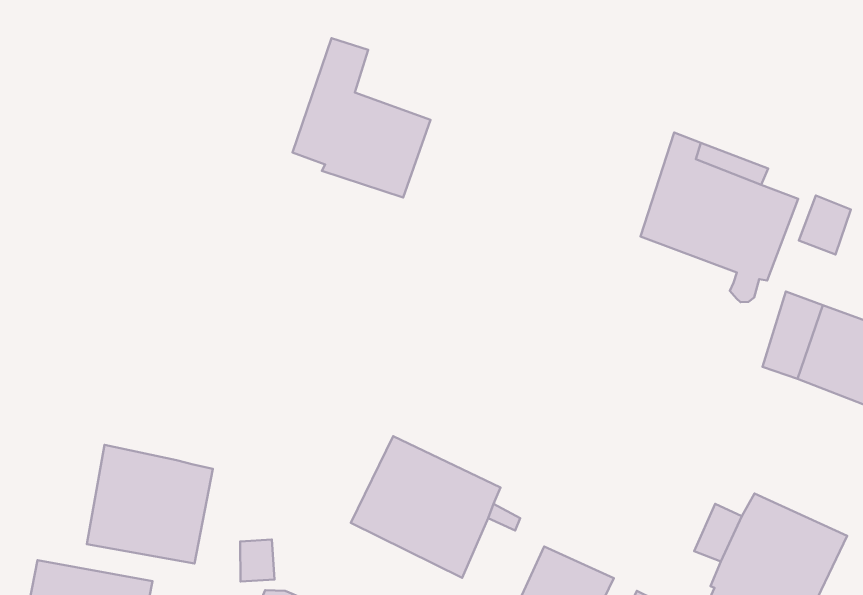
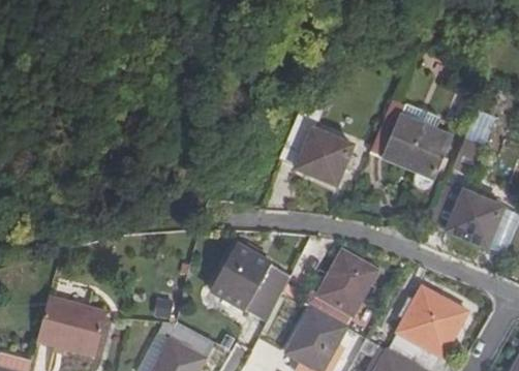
building: [293,38,430,198] -> [280,101,353,186]
building: none -> [303,252,377,327]
building: [87,445,213,564] -> none

